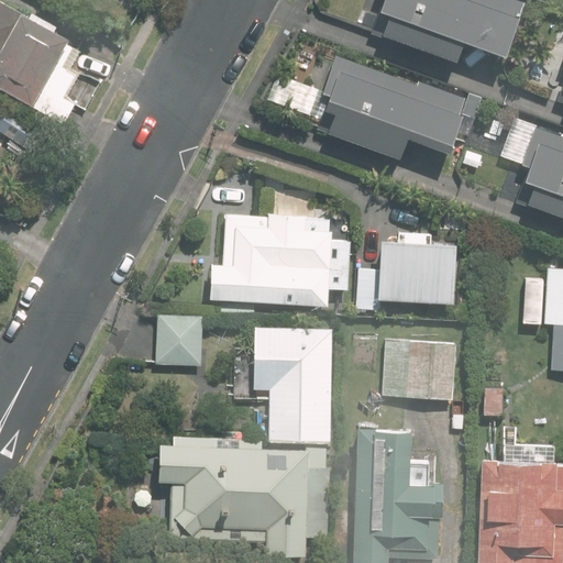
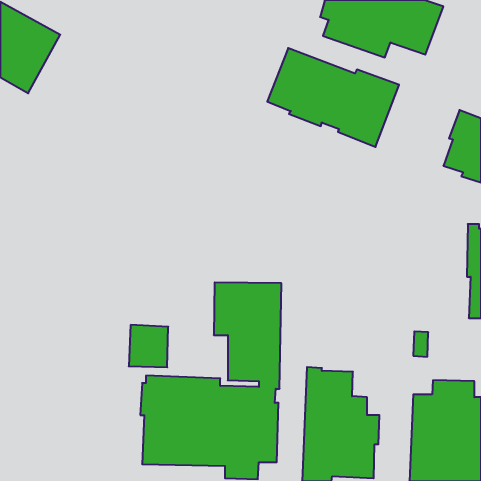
building: [211,213,351,307] -> none
building: [353,241,454,308] -> none
building: [155,314,201,364] -> [129,325,168,367]
building: [383,340,455,398] -> none

